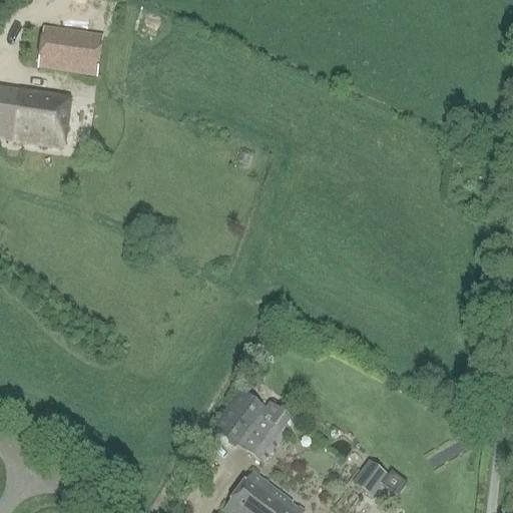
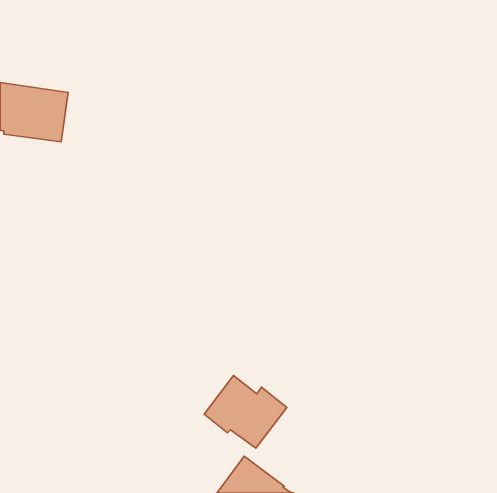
building: [39,24,103,74] -> none
building: [356,461,408,495] -> none

